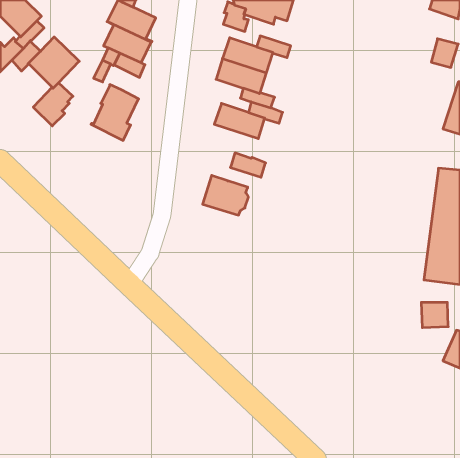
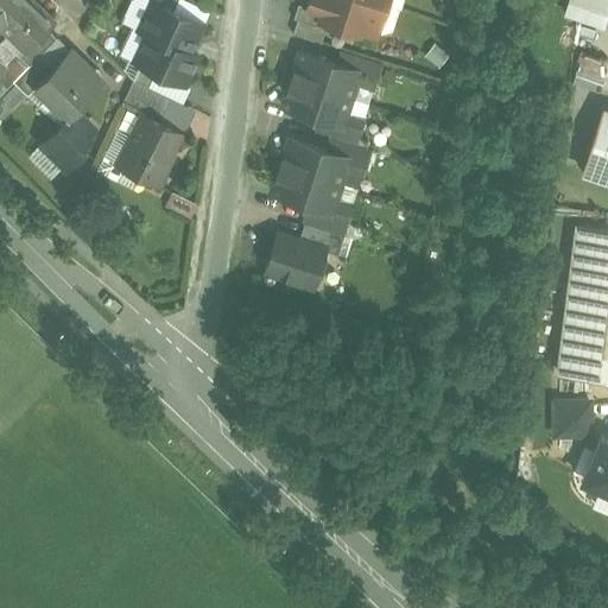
building: none -> [135,87,171,121]
building: none -> [274,166,341,211]
building: none -> [300,223,344,254]

